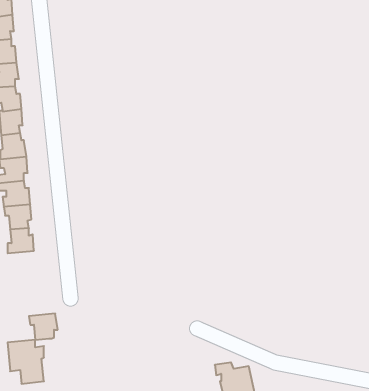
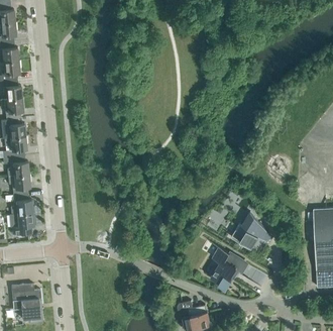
building: none -> [231,213,269,250]
building: none -> [209,248,246,287]
building: [29,314,58,340] -> [11,213,34,234]

